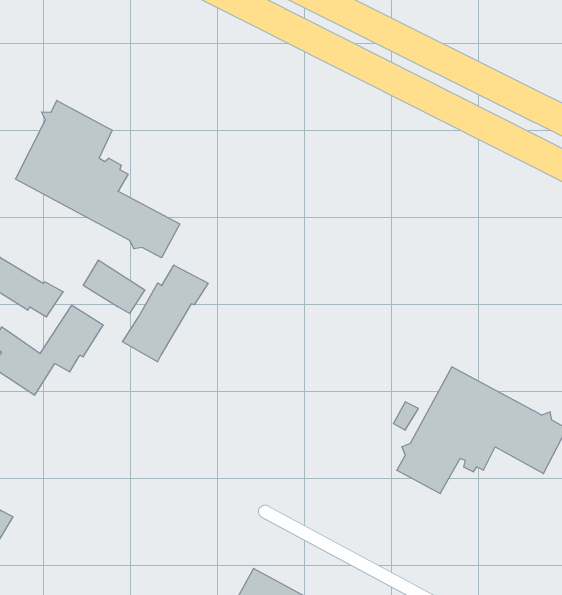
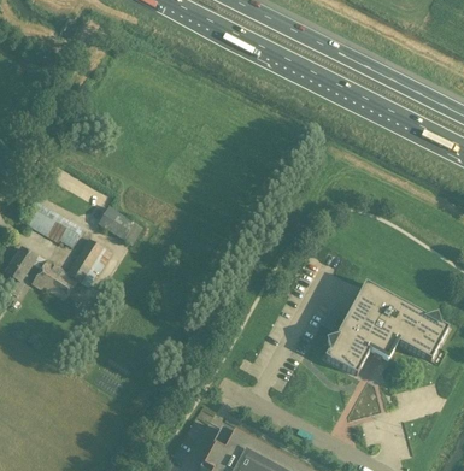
building: [15,100,180,258] -> none
building: [122,265,208,362] -> none

